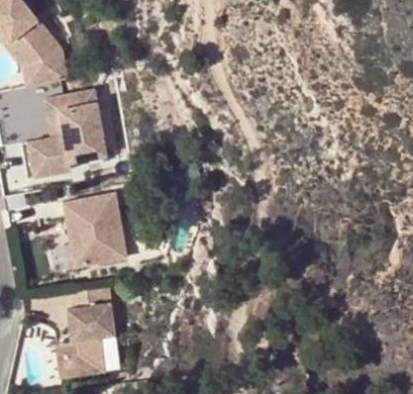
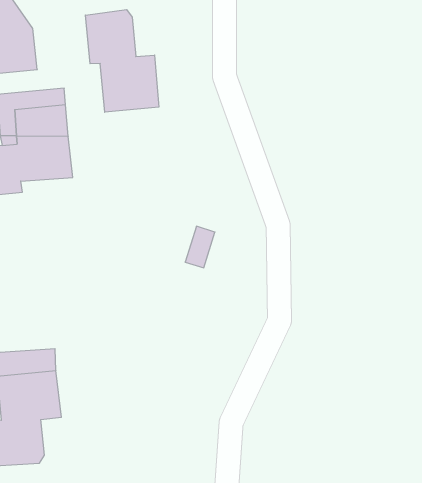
building: none -> [85,10,159,112]
building: [64,194,126,268] -> none

